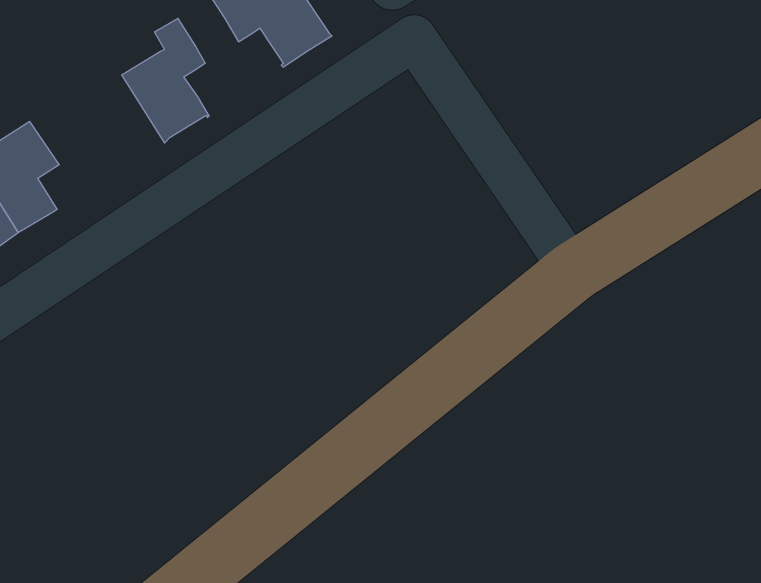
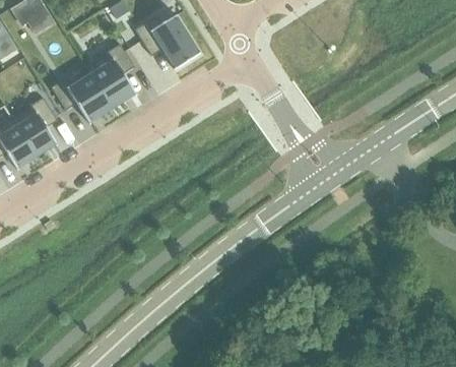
building: none -> [51,72,113,123]

